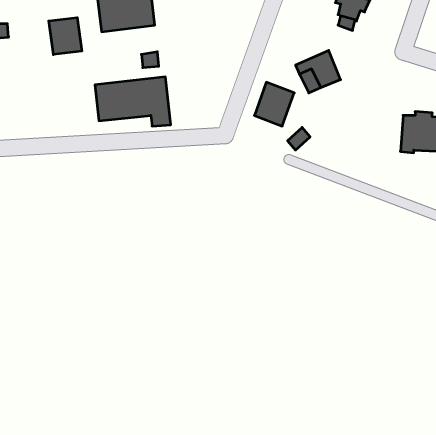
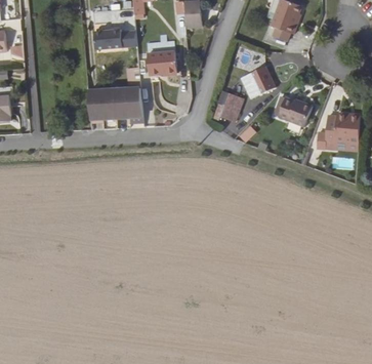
building: [49,18,82,55] -> none
building: none -> [150,50,178,74]
building: none -> [280,95,313,124]

